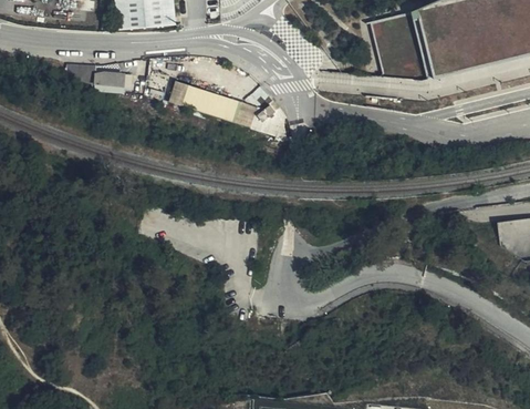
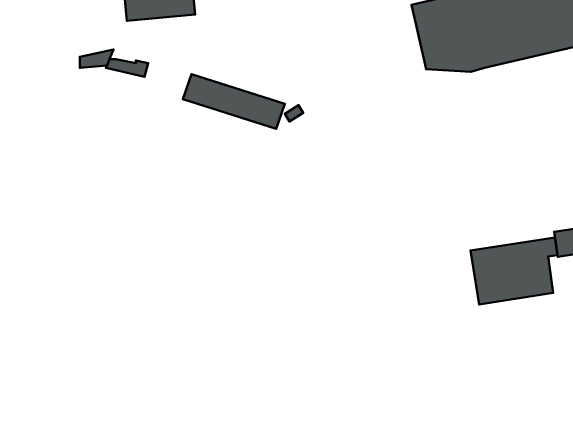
building: none -> [470,237,557,304]

